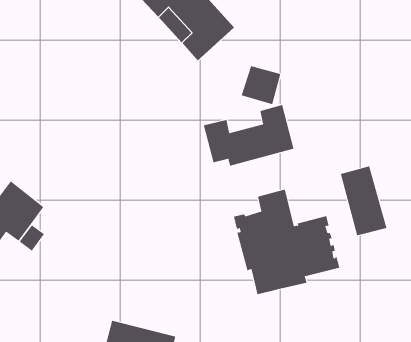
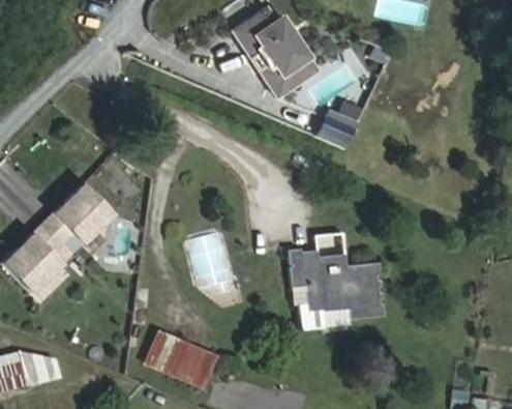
building: [203,104,294,166] -> none
building: [340,166,387,236] -> none

